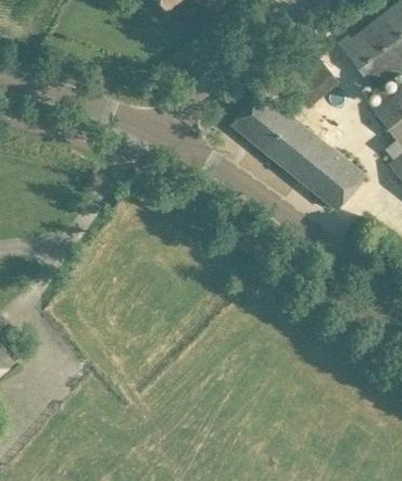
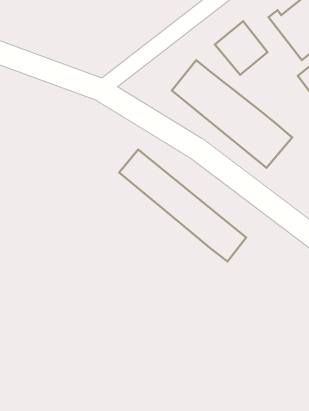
building: none -> [119,150,246,262]

